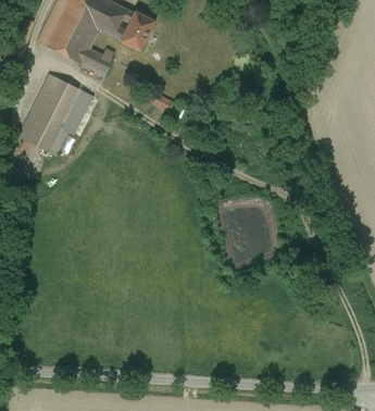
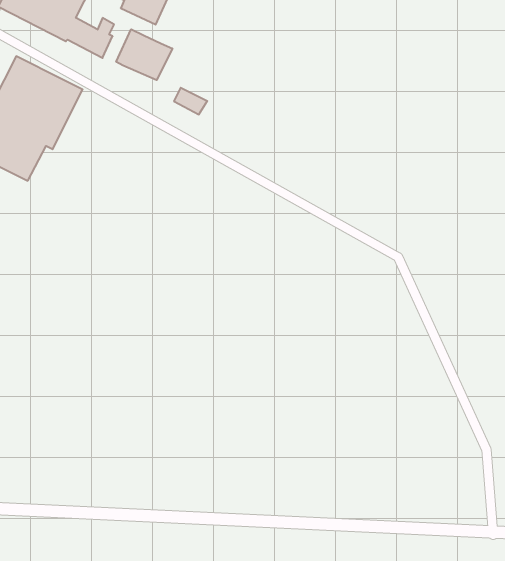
building: none -> [116,29,172,80]

